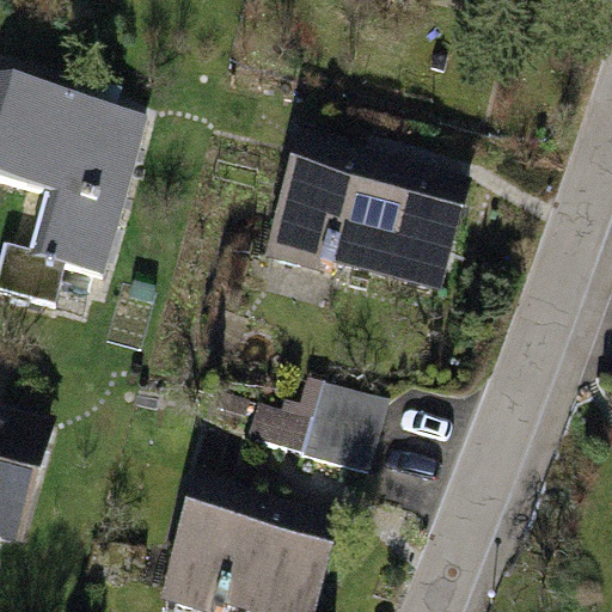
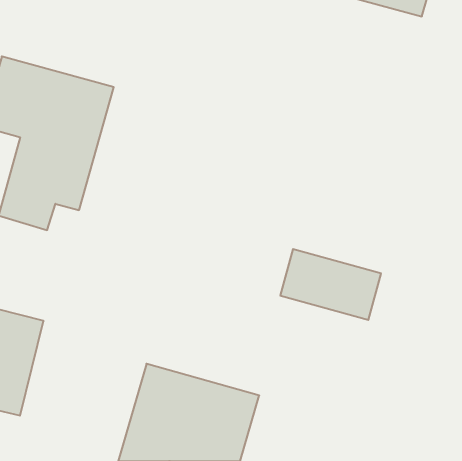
building: [259,135,464,294] -> none
building: [255,373,387,466] -> [280,249,381,320]

